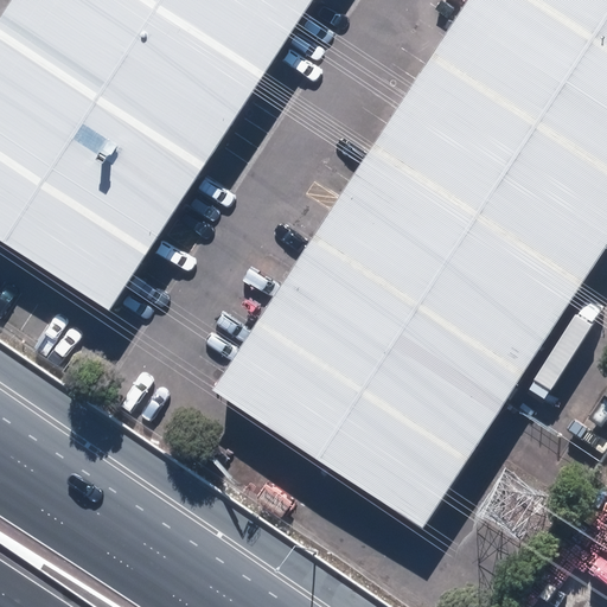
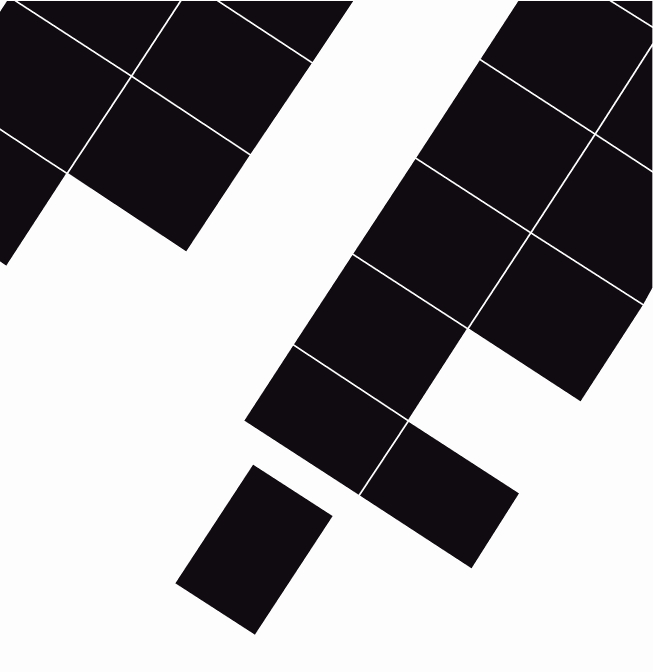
building: [6,156,168,311] -> none
building: [369,296,524,445] -> none
building: none -> [174,463,334,636]

